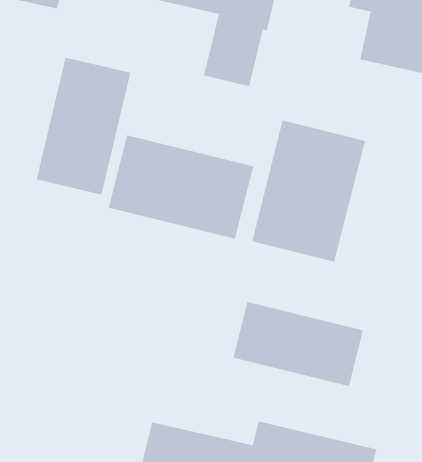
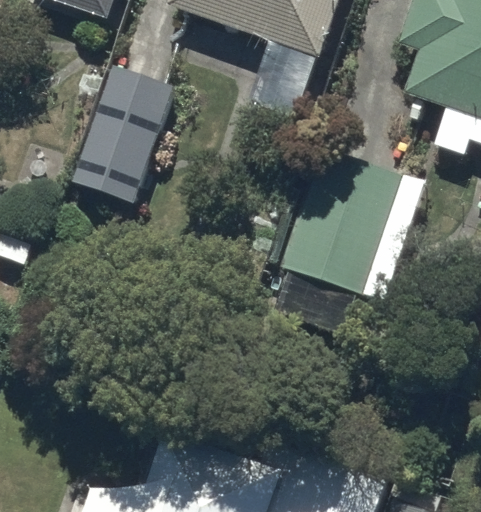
building: [108,135,254,240] -> none
building: [233,301,363,387] -> none

